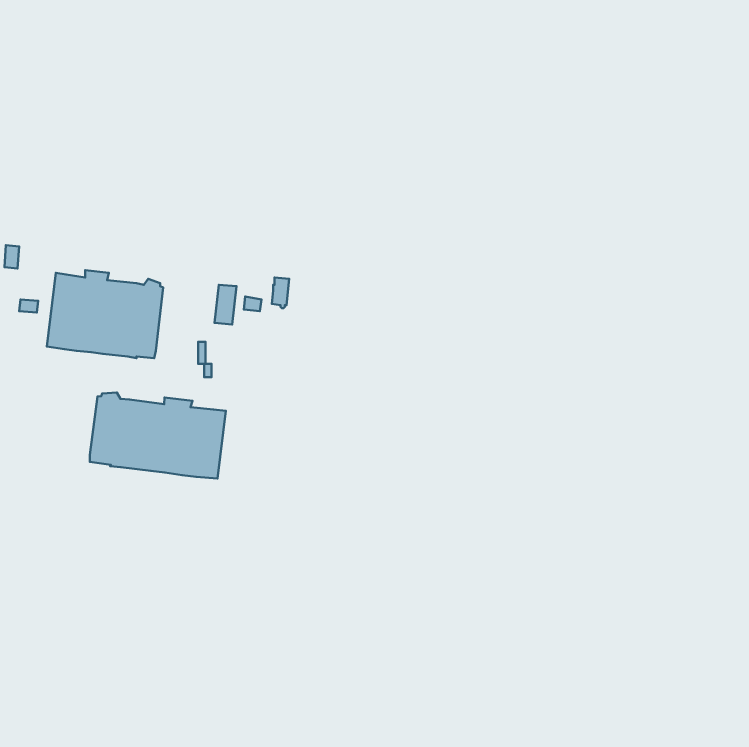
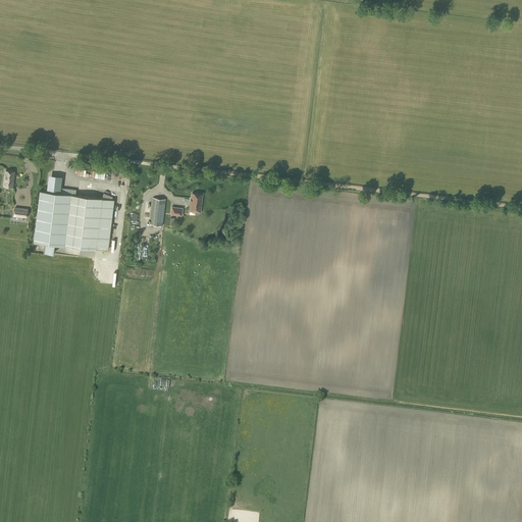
building: [90,393,226,479] -> none

